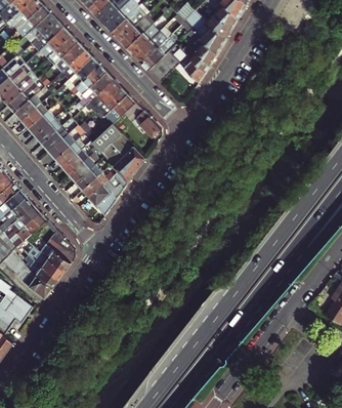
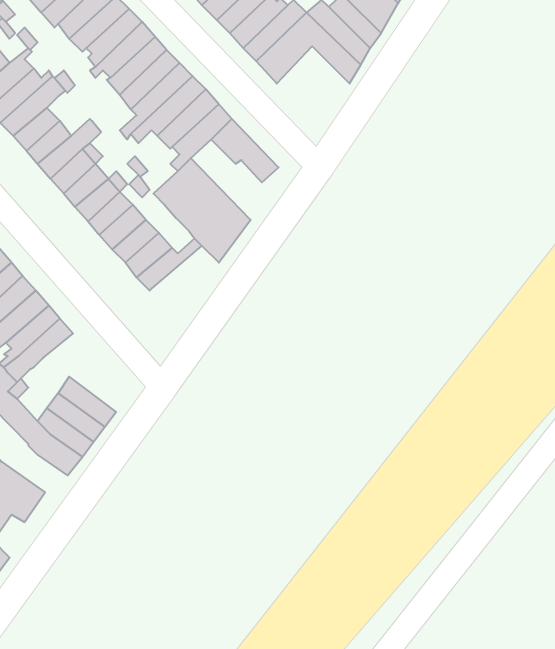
building: [89,172,127,214] -> none
building: [45,230,74,263] -> none

